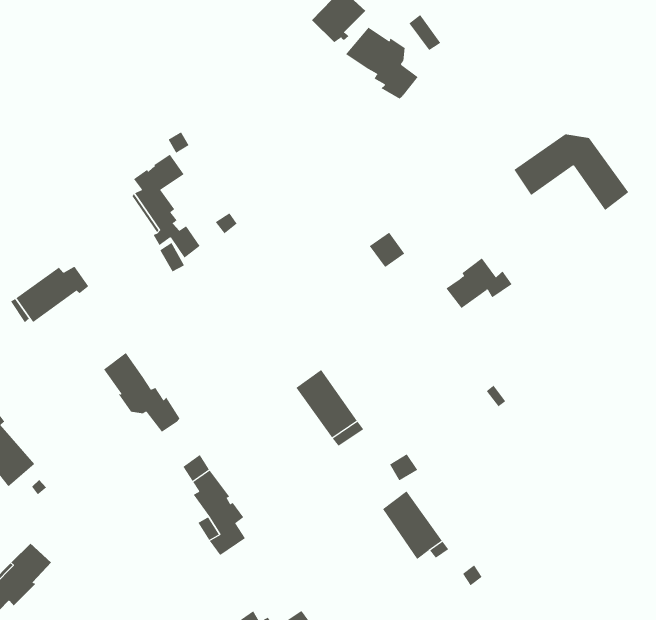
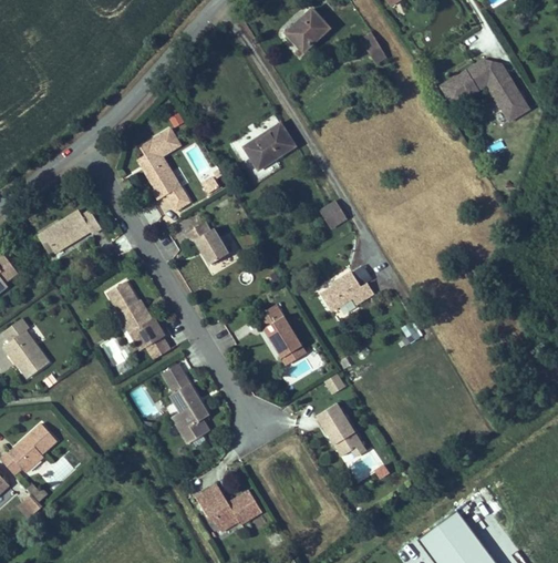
building: [345,27,418,99] -> none
building: [513,134,629,211] -> [441,60,529,122]
building: none -> [245,123,294,170]
building: [446,258,512,309] -> [321,272,373,310]
building: none -> [185,222,229,265]
building: none -> [126,327,170,359]

